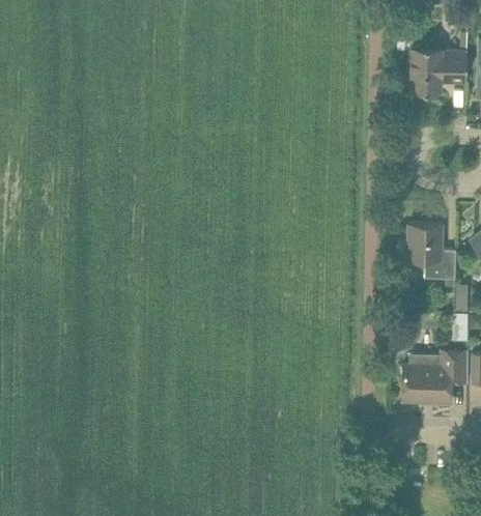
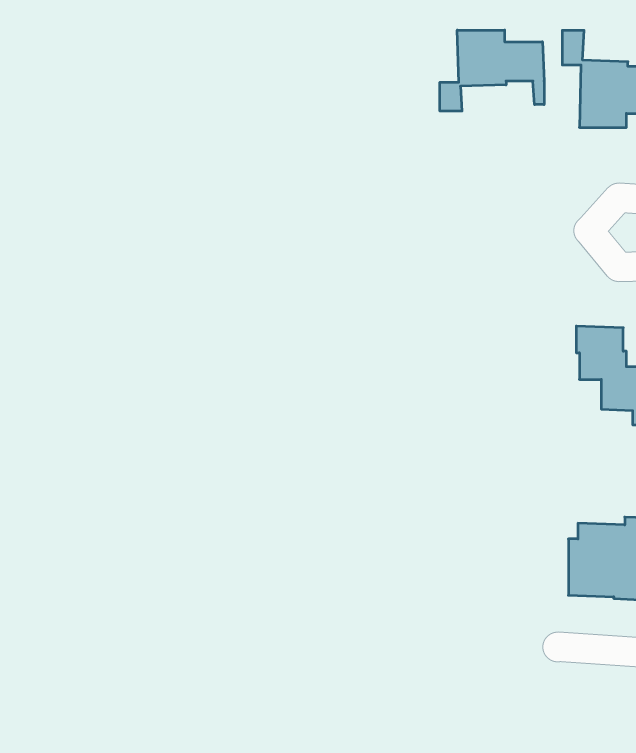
building: none -> [440,30,544,111]

